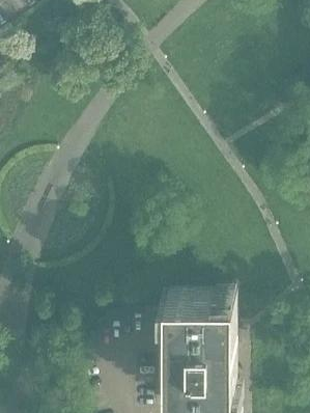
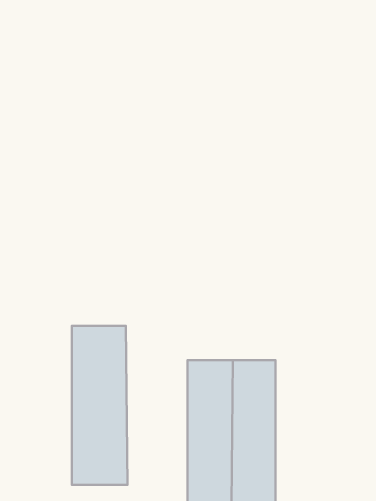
building: none -> [72,326,128,485]

